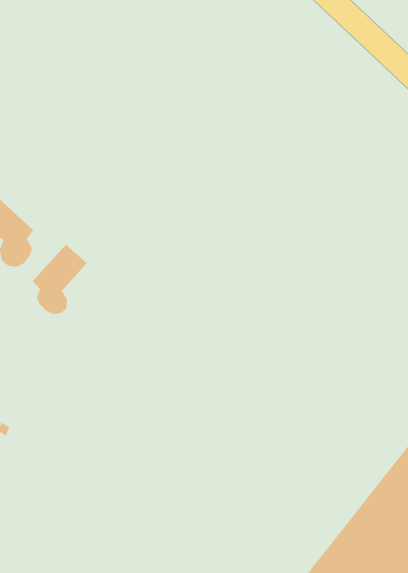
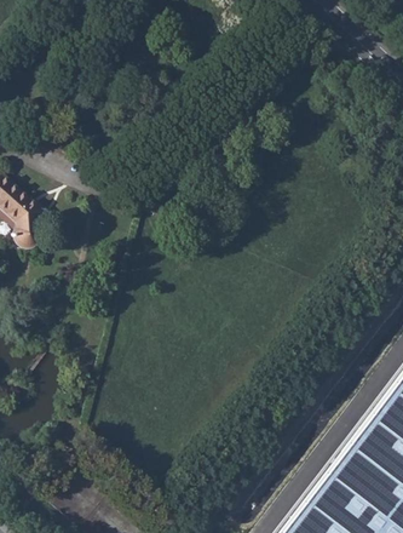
building: [32,244,87,315] -> none

